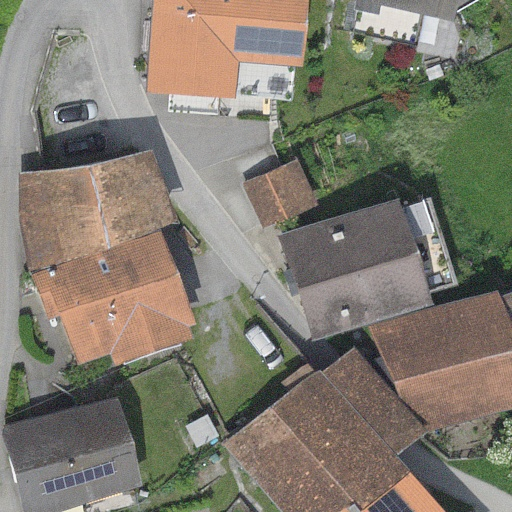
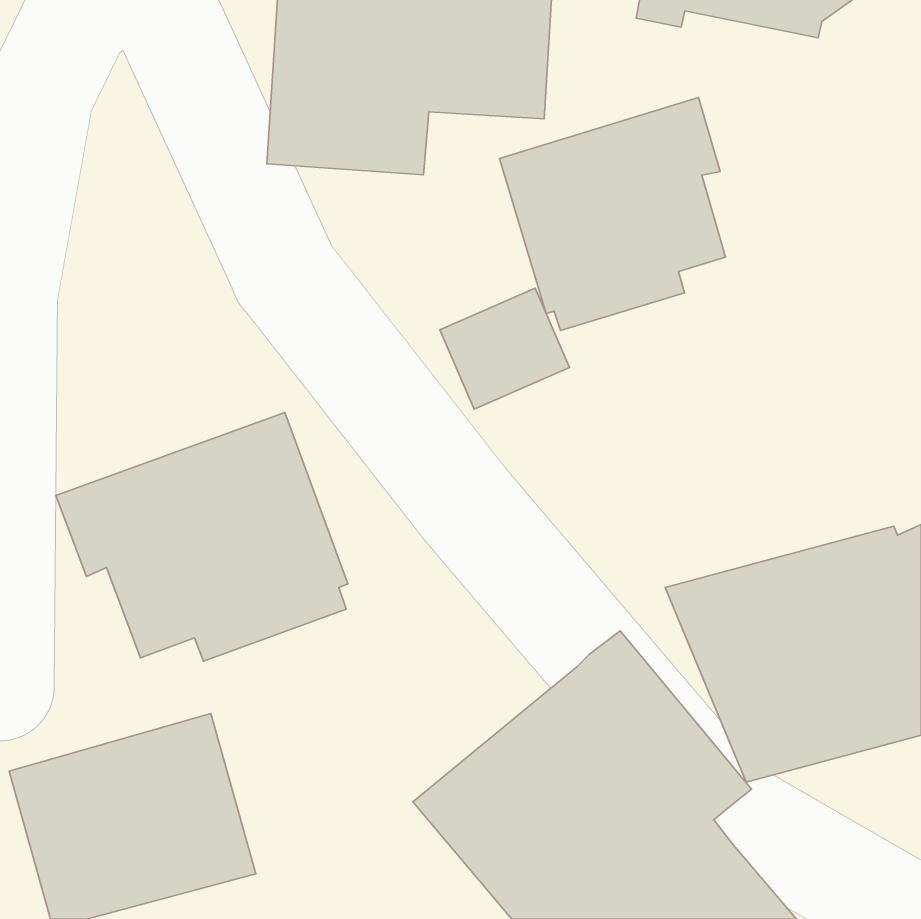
building: none -> [500,98,726,330]
building: [18,149,178,275] -> none
building: [279,198,453,340] -> none

